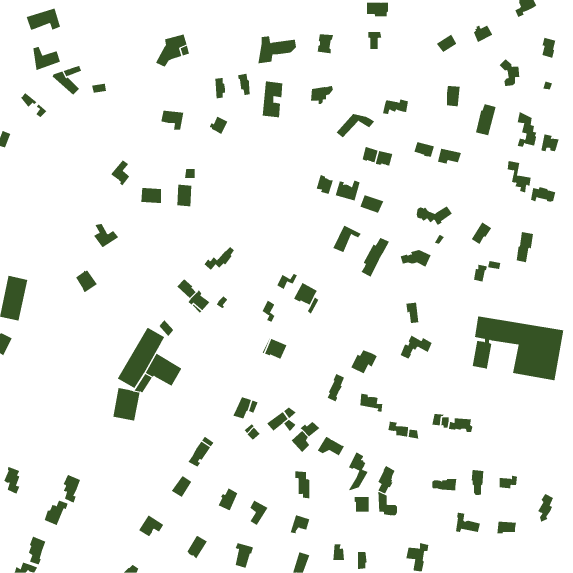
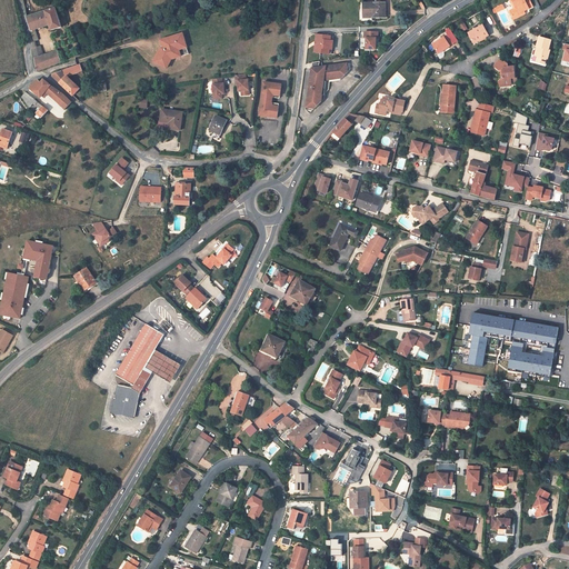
building: [257,36,297,64] -> [308,60,347,88]
building: none -> [29,78,71,109]
building: none -> [467,160,497,199]
building: none -> [23,240,52,281]
building: none -> [438,369,483,389]

